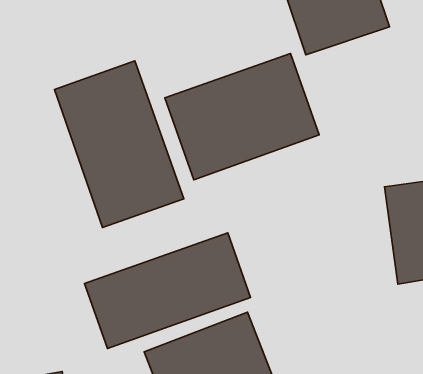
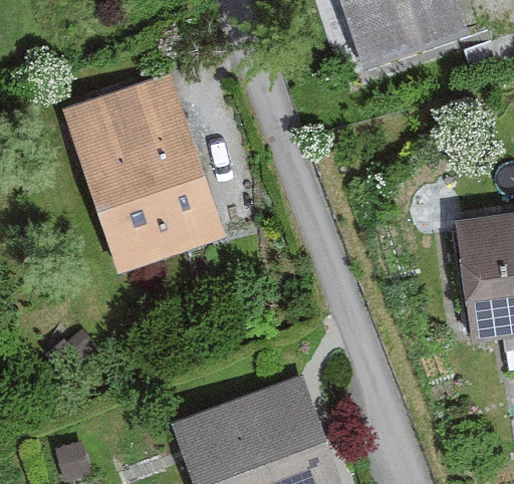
building: [165,54,319,180] -> none
building: [85,233,251,349] -> none

